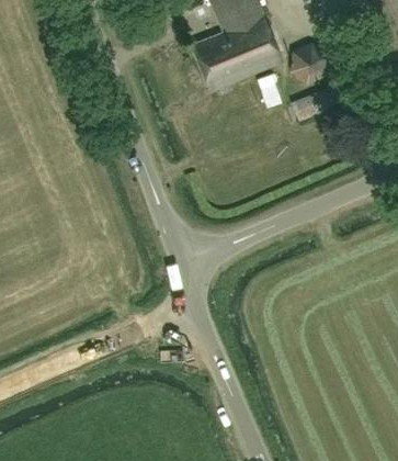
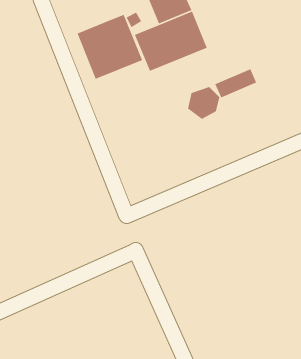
building: none -> [77,14,143,80]
building: [288,44,328,85] -> [187,86,220,120]

